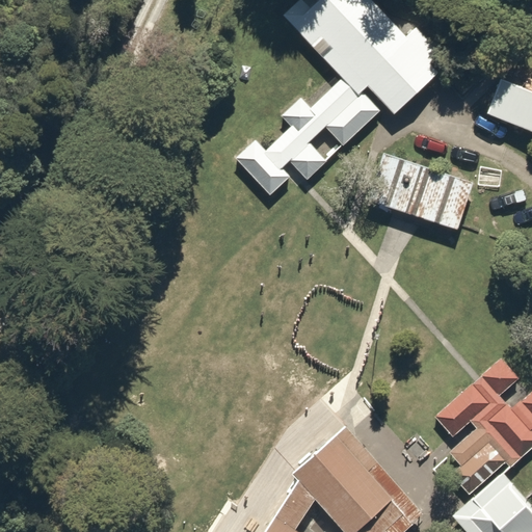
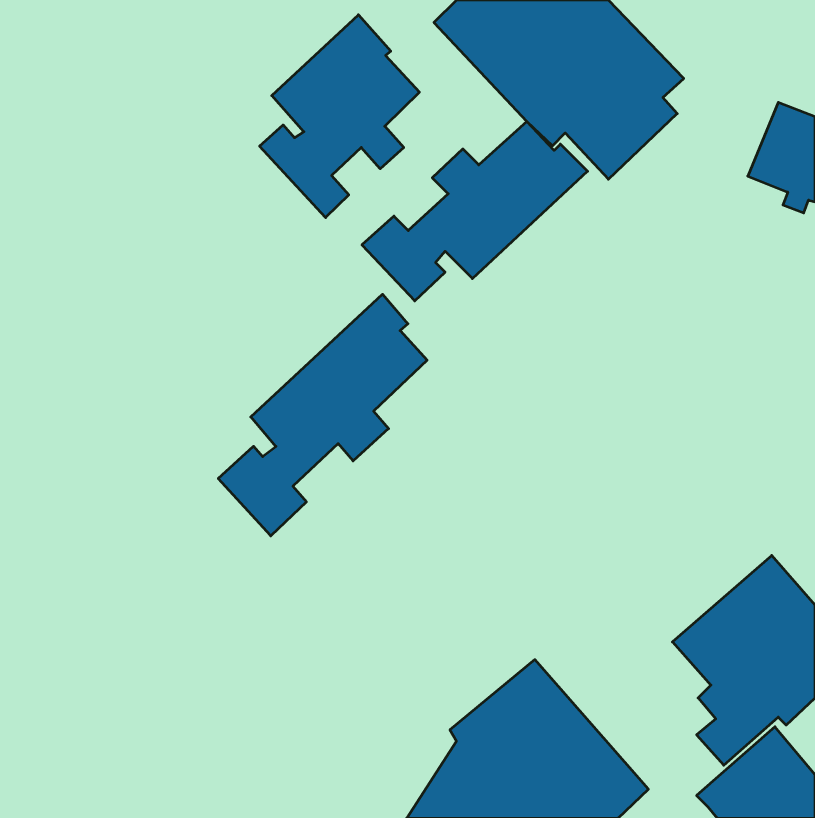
building: none -> [260,15,419,218]
building: [365,153,473,233] -> none
building: none -> [218,294,427,536]

